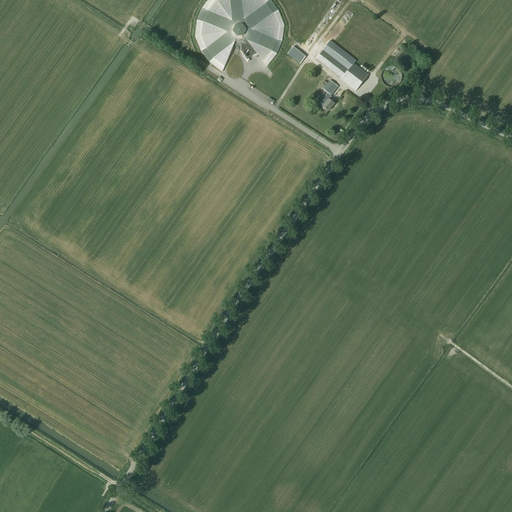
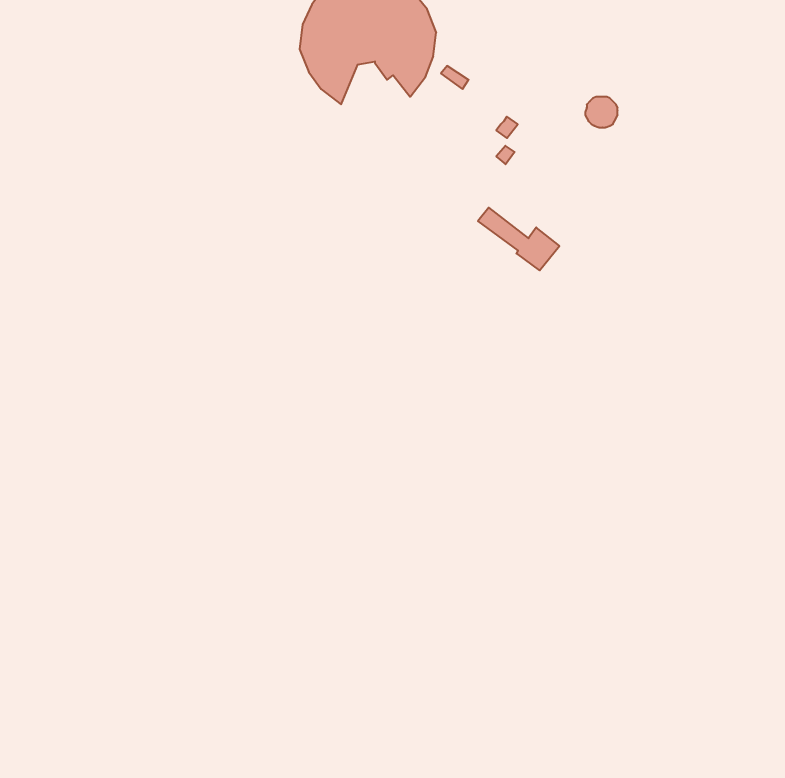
building: [316,46,369,87] -> [478,208,559,270]

